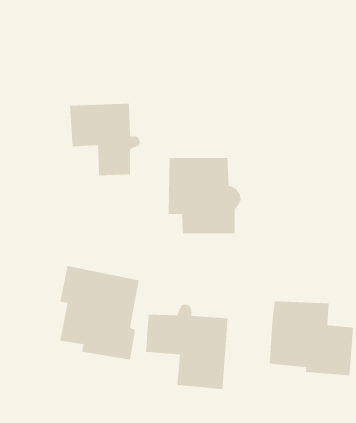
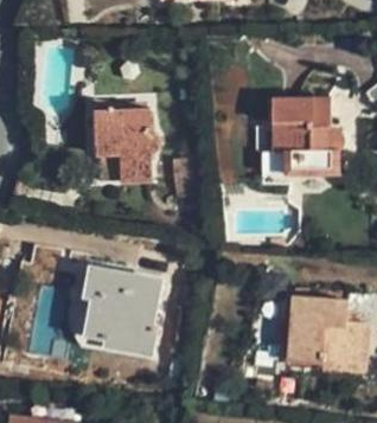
building: [168,157,242,234] -> [271,97,344,172]
building: [146,304,228,390] -> none

